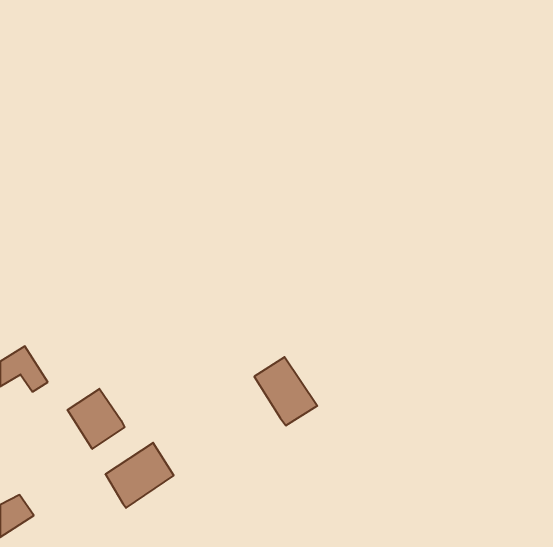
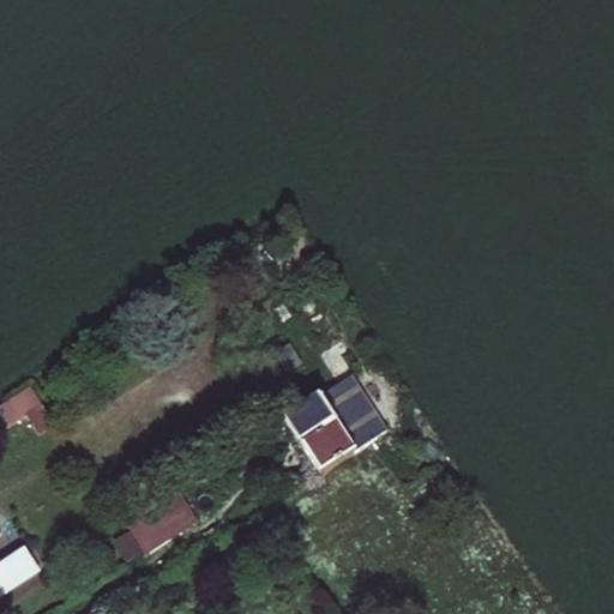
building: none -> [317,372,385,449]
building: [68,389,125,449] -> none

